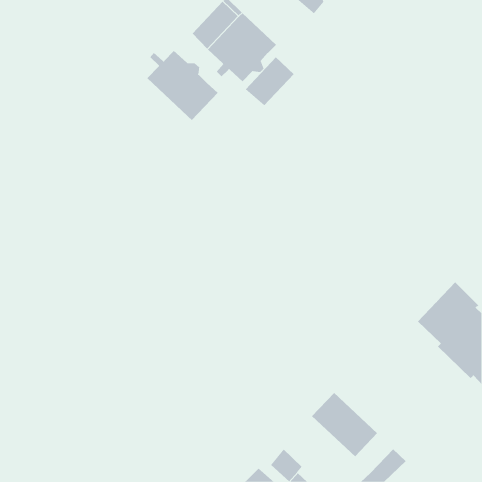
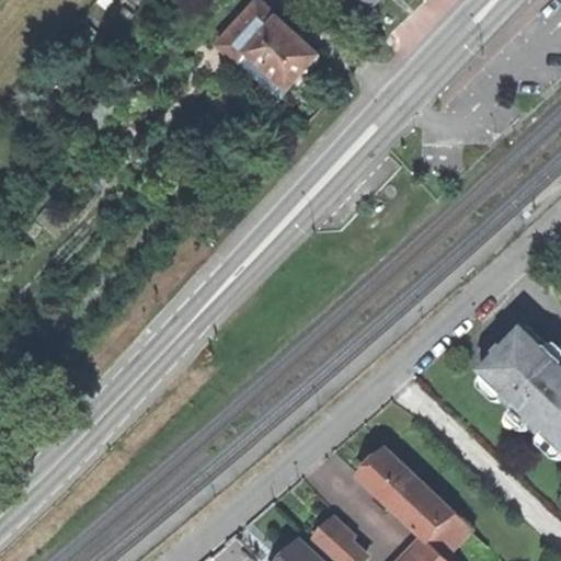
building: [147,50,218,121] -> none
building: [245,57,294,106] -> none
building: none -> [408,497,451,542]

